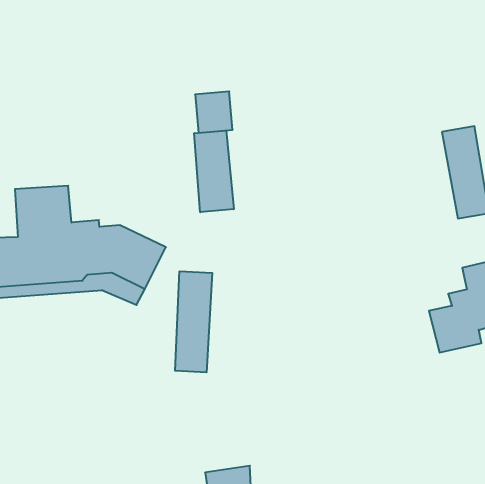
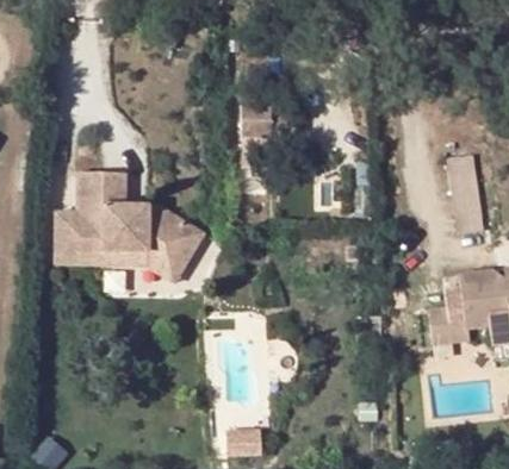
building: [194,130,234,212] -> none
building: [175,271,212,372] -> none

